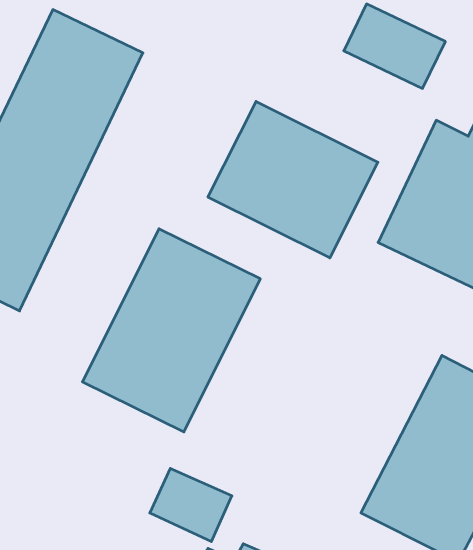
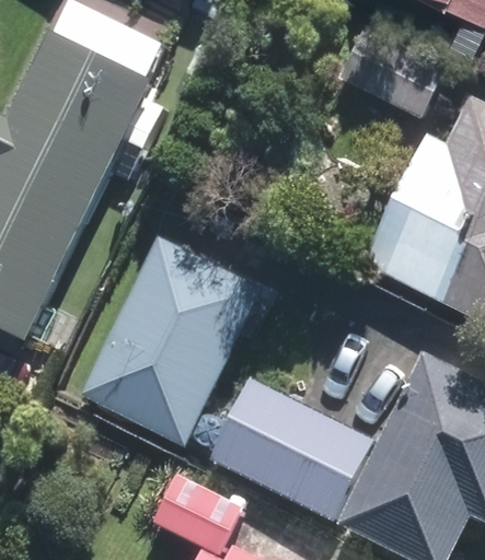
building: [208,101,378,258] -> none
building: none -> [215,385,365,515]

